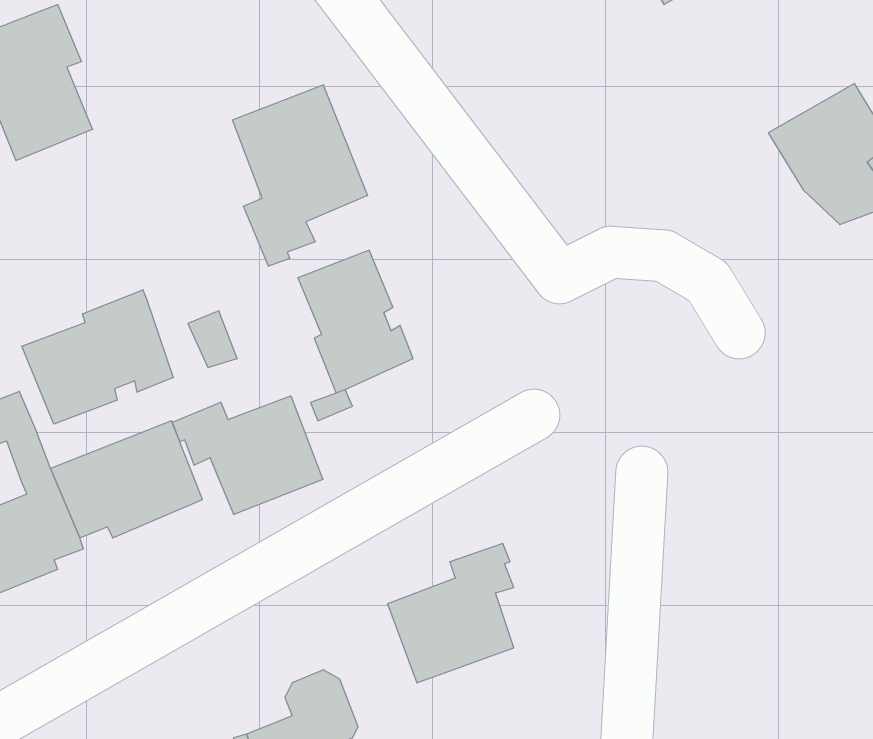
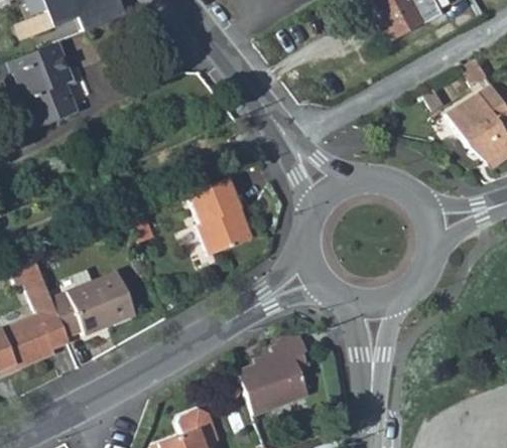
building: [232,85,368,266] -> none
building: [22,290,173,424] -> none
building: [173,396,323,515] -> none

